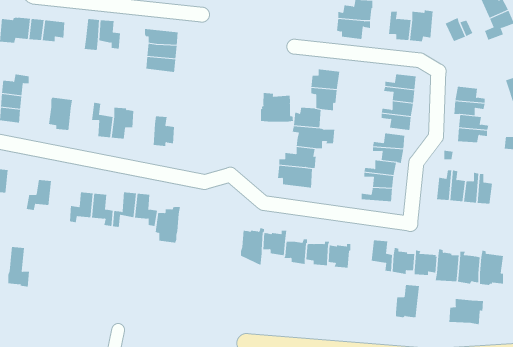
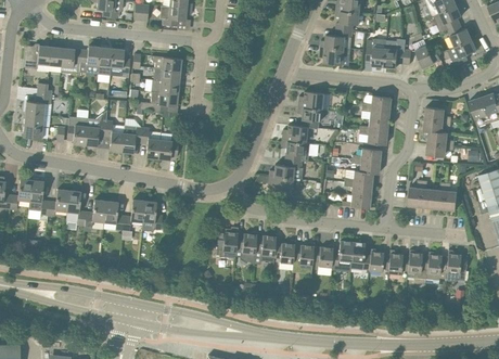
building: none -> [79,46,101,74]
building: none -> [140,91,178,112]
building: [260,92,294,122] -> none
building: none -> [85,118,106,146]
building: none -> [141,128,161,158]
building: none -> [28,180,49,215]
building: [155,206,181,243] -> [216,227,239,259]
building: [8,247,30,287] -> [66,190,86,226]
building: [395,285,420,319] -> [331,241,353,271]
building: [449,298,483,325] -> none

